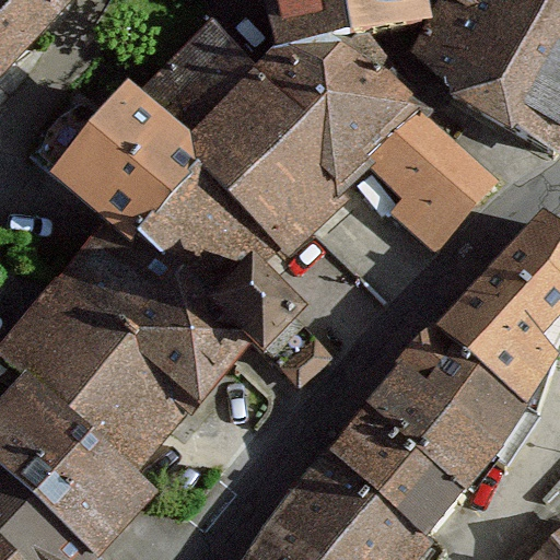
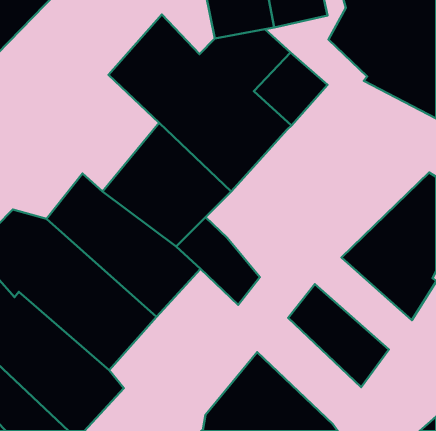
building: [32,86,202,244] -> none
building: [365,108,495,249] -> none
building: [400,328,524,450] -> none
building: [327,405,459,540] -> none

